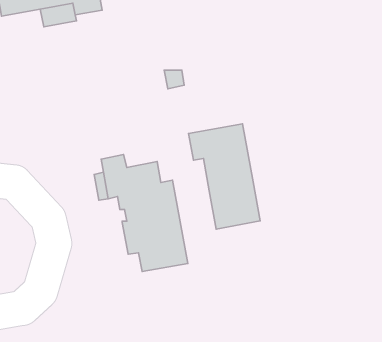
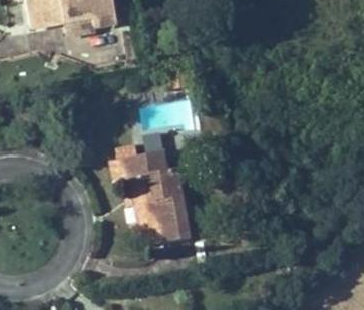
building: [189,124,260,229] -> none

